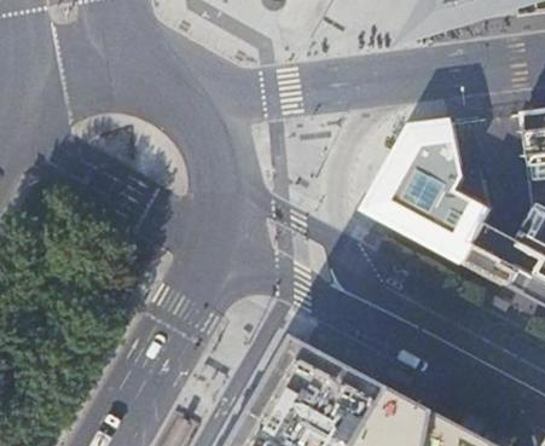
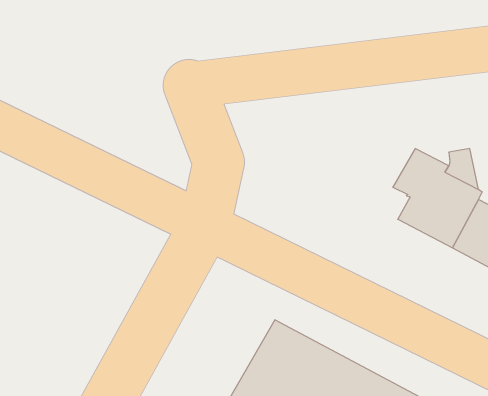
building: [365,117,456,231] -> none

